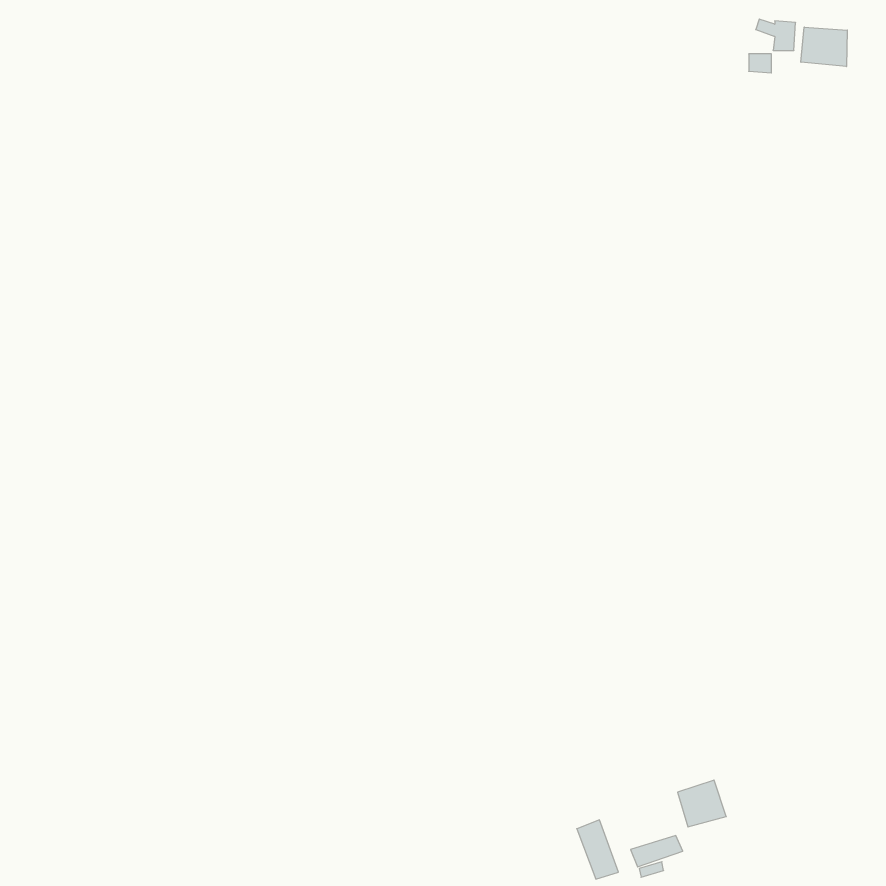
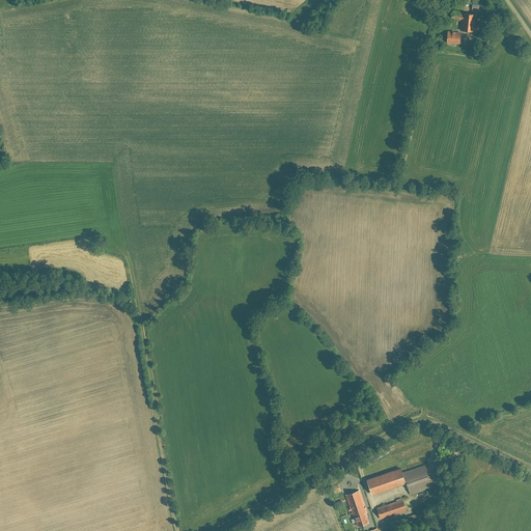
building: [801,27,847,67] -> none
building: none -> [368,470,407,495]

